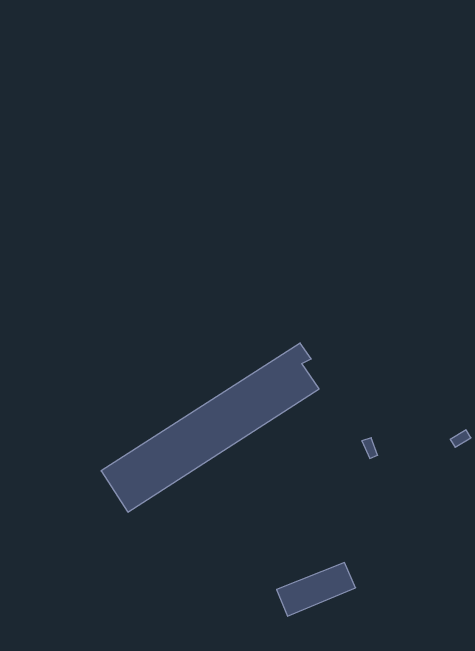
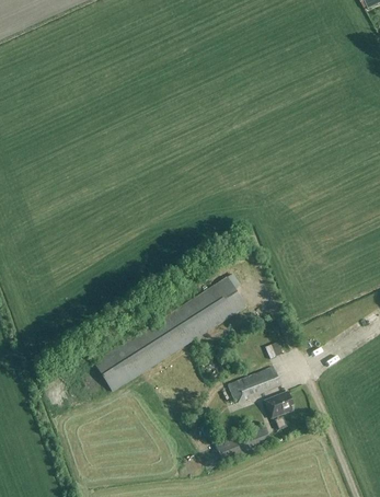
building: none -> [227,365,280,402]
building: none -> [264,391,292,417]

